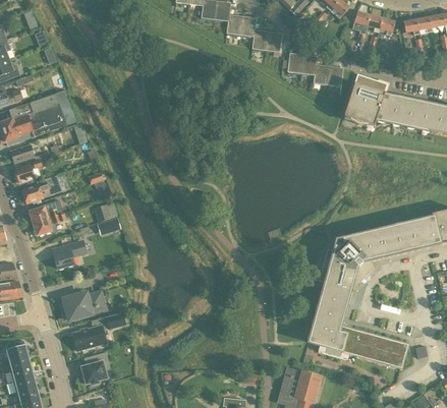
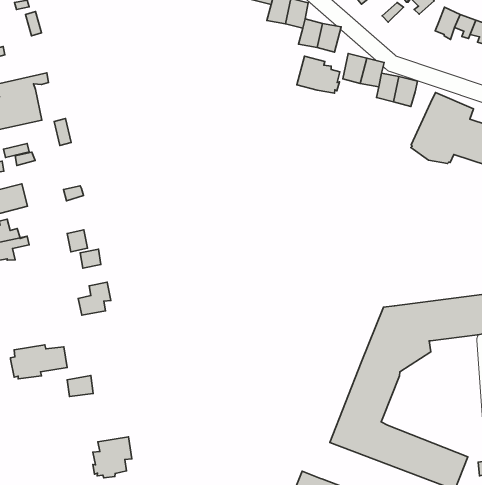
building: none -> [297,56,340,93]
building: [53,241,77,268] -> [78,282,111,315]
building: [72,325,106,350] -> none
building: [80,352,110,385] -> [93,437,132,478]

